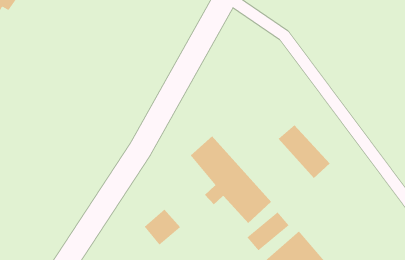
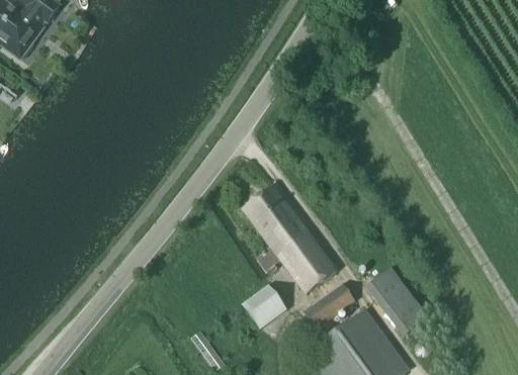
building: [278,125,331,179] -> [368,268,428,334]
building: [144,209,181,245] -> [242,284,285,326]

